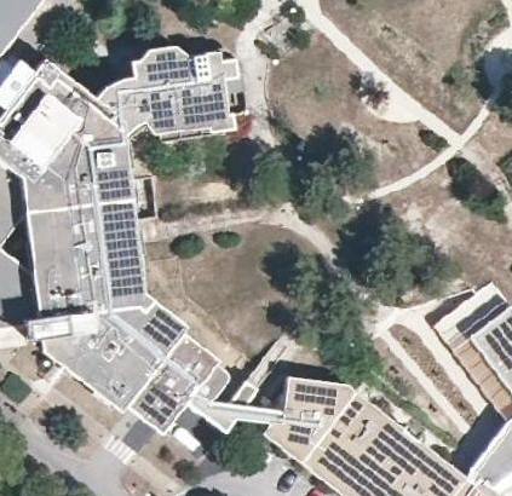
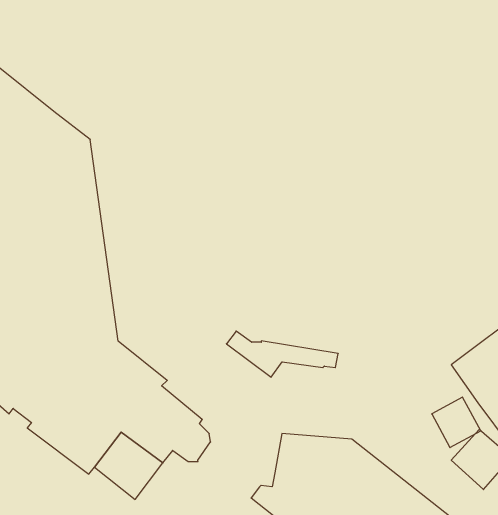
building: [91,44,241,132] -> none
building: [185,392,282,432] -> [226,331,338,377]

